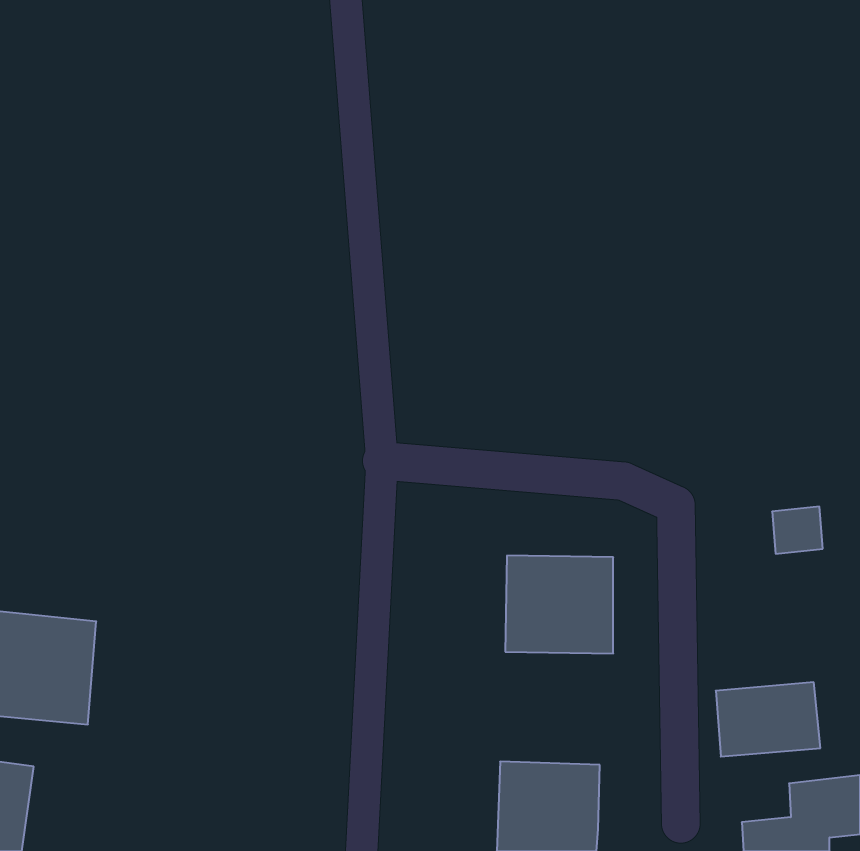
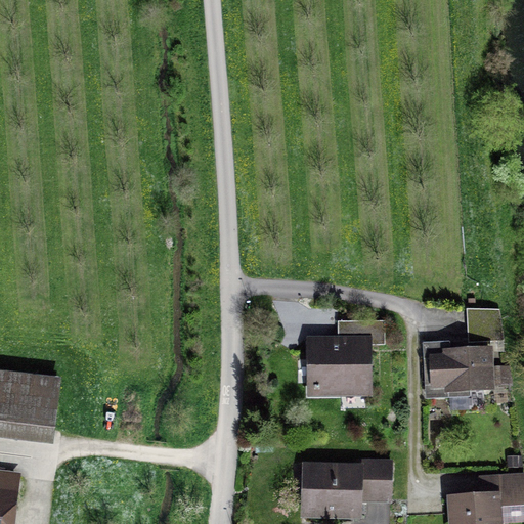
building: [716,682,820,757] -> [433,347,496,392]
building: none -> [362,458,391,504]

